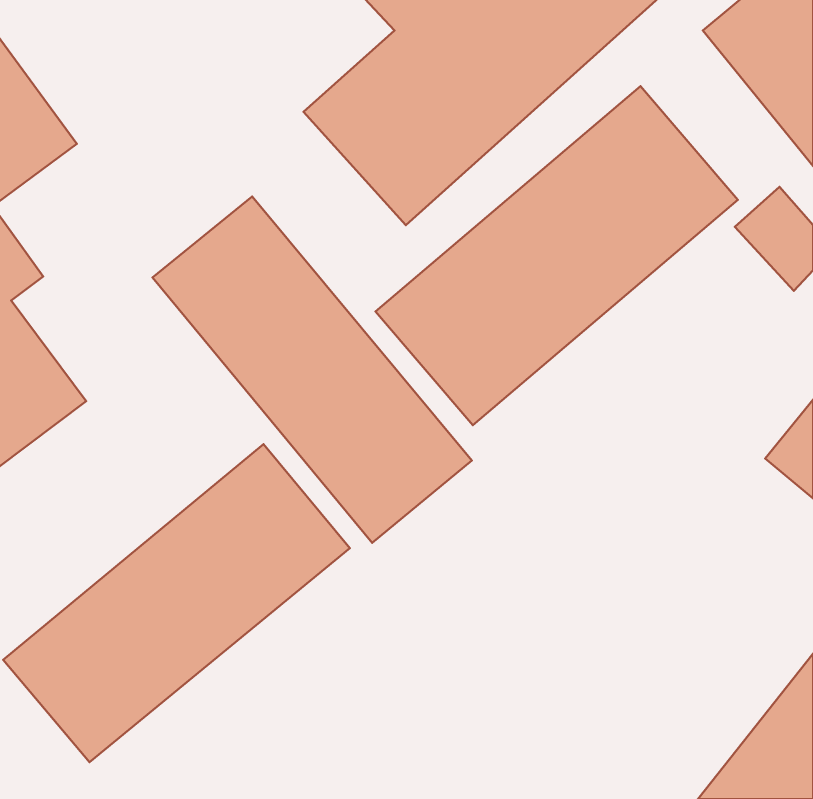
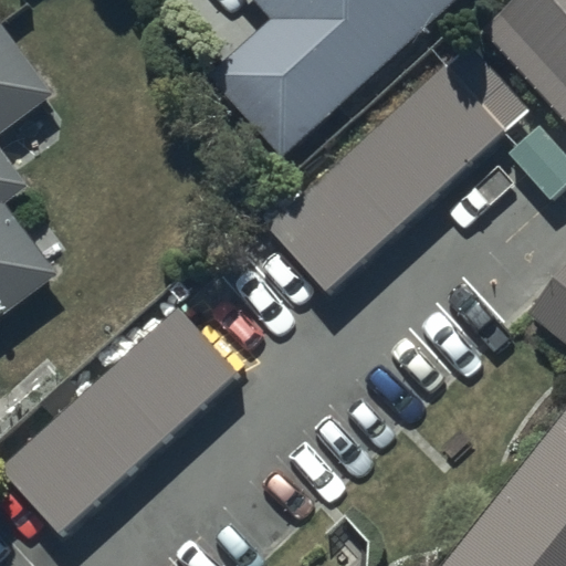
building: [152,197,472,543] -> none

